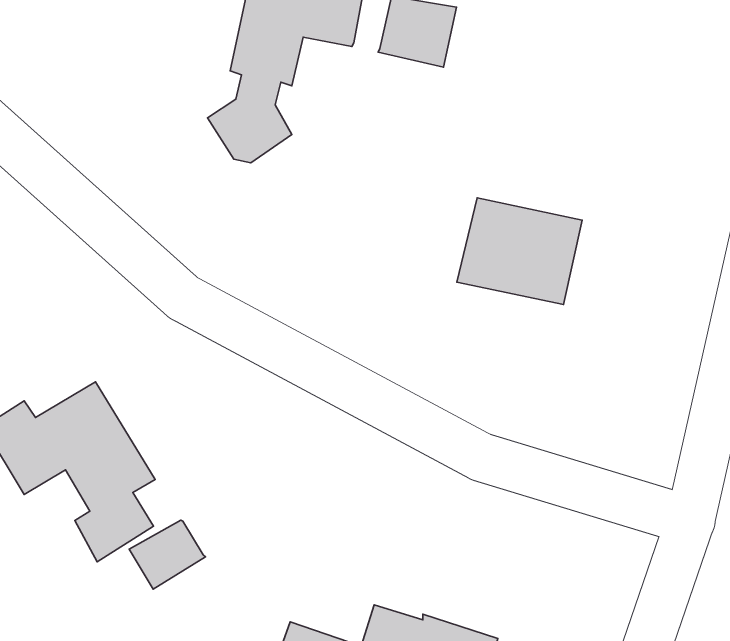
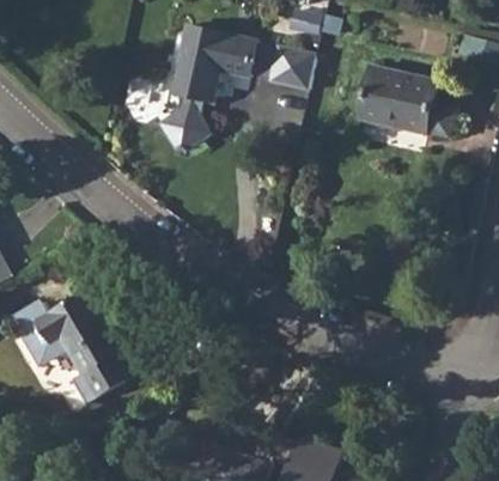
building: [457,198,582,305] -> [354,68,434,136]
building: [129,520,206,589] -> none

